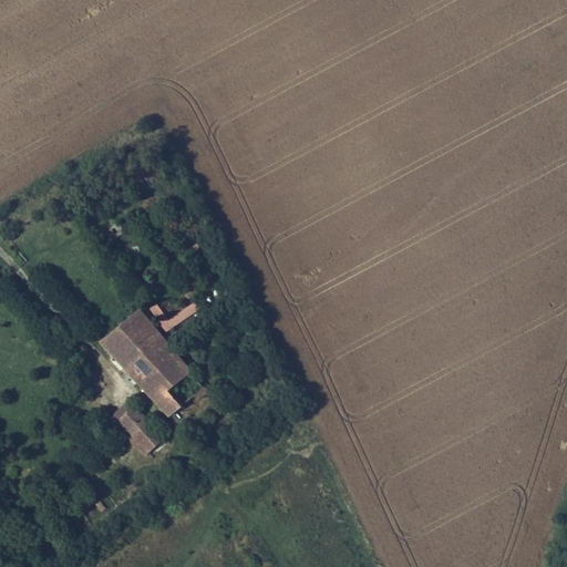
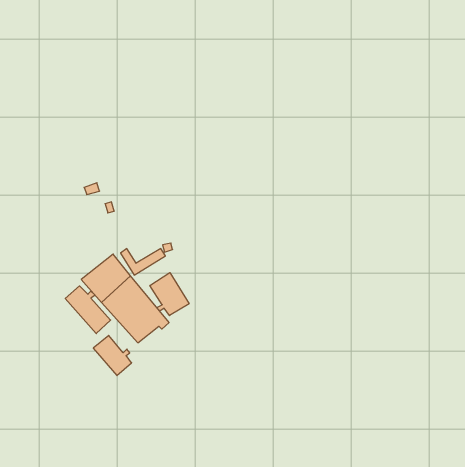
building: none -> [150,273,189,316]
building: none -> [65,286,111,334]

